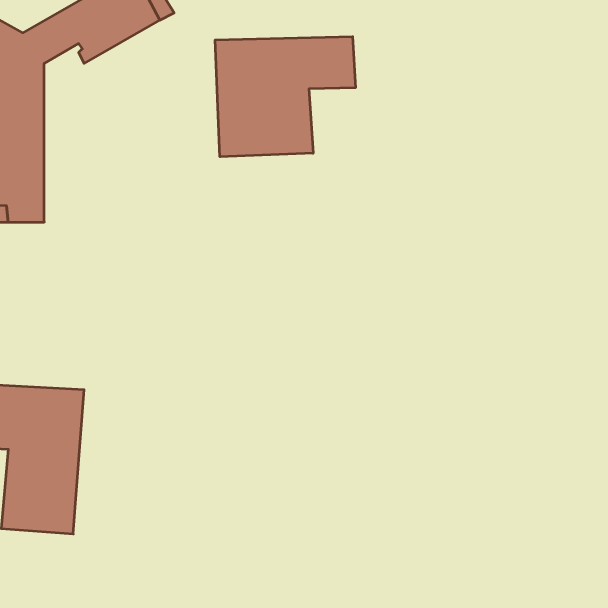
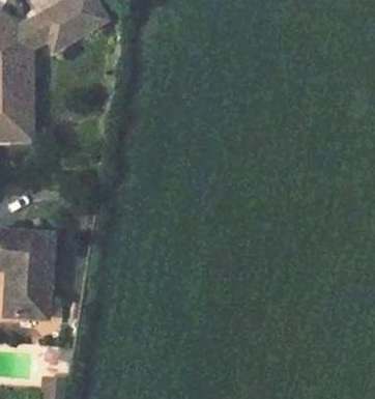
building: [215,37,355,157] -> none

